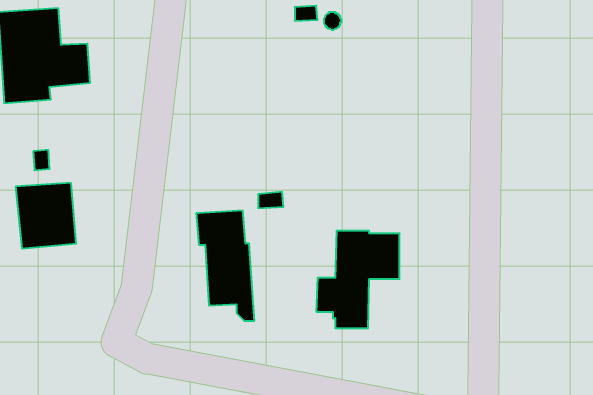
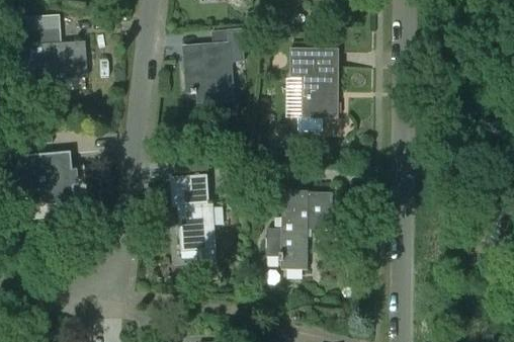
building: none -> [184,28,244,103]
building: none -> [290,49,338,131]

